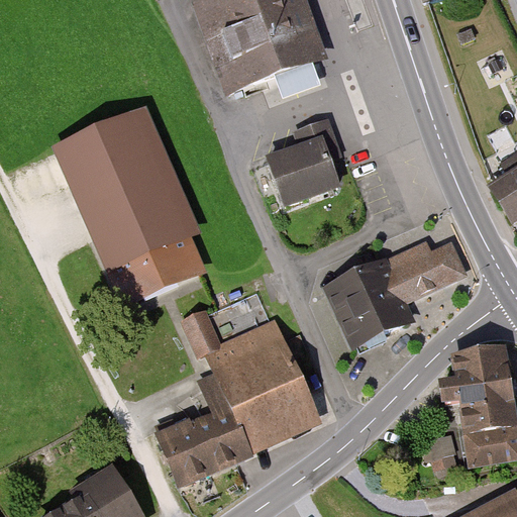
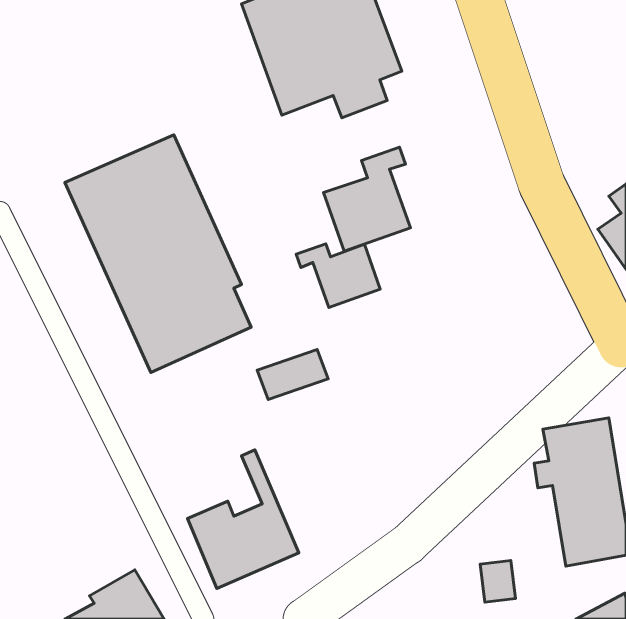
building: none -> [296,244,380,307]
building: [324,241,464,347] -> none
building: [183,311,318,455] -> none
building: [430,430,459,464] -> [480,560,516,602]

